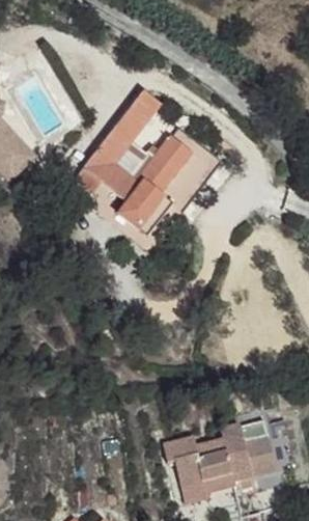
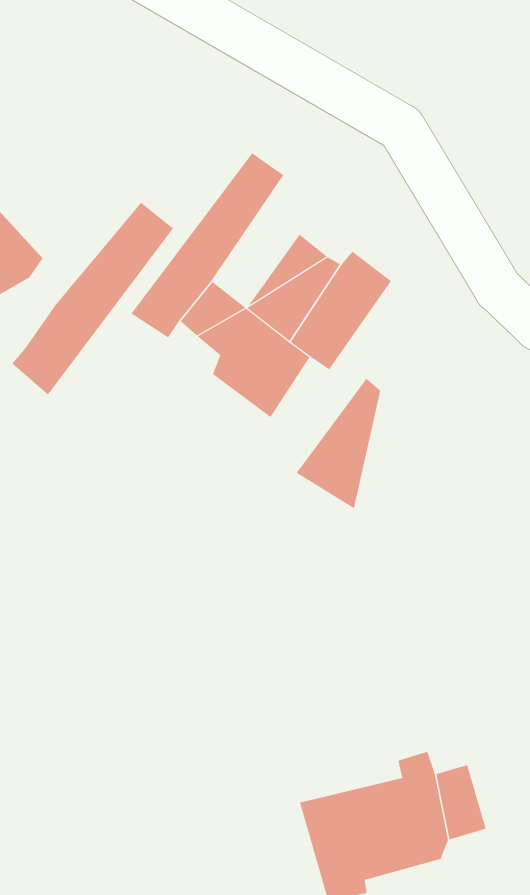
building: none -> [11,202,174,395]
building: none -> [296,378,381,509]

